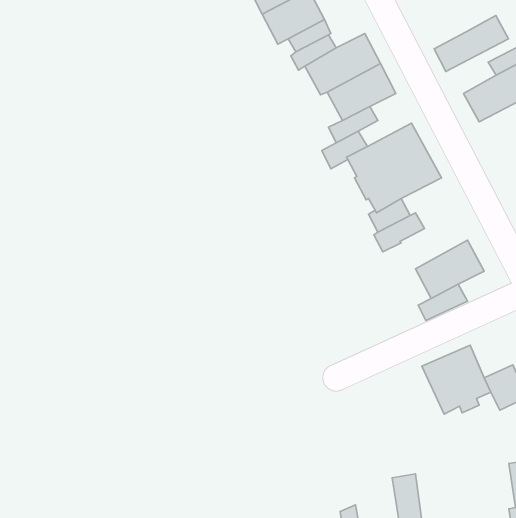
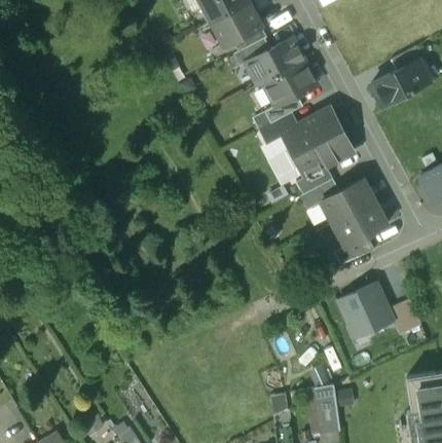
building: [434,16,509,72] -> none
building: none -> [321,179,374,223]

